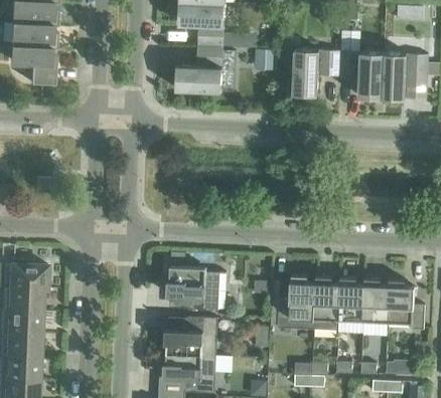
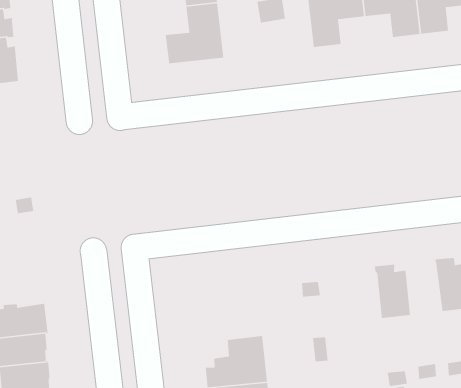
building: [169,265,219,311] -> none
building: [278,275,316,324] -> none
building: [338,277,364,322] -> none

